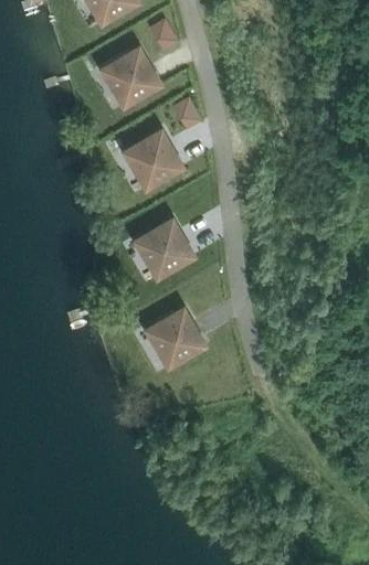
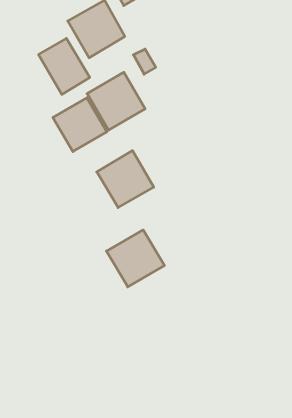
building: none -> [39,38,90,94]
building: none -> [53,98,107,152]

